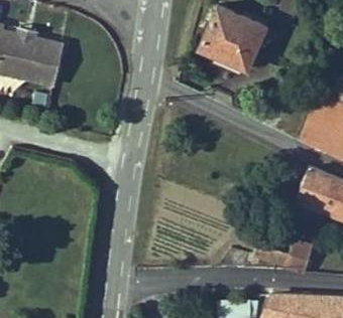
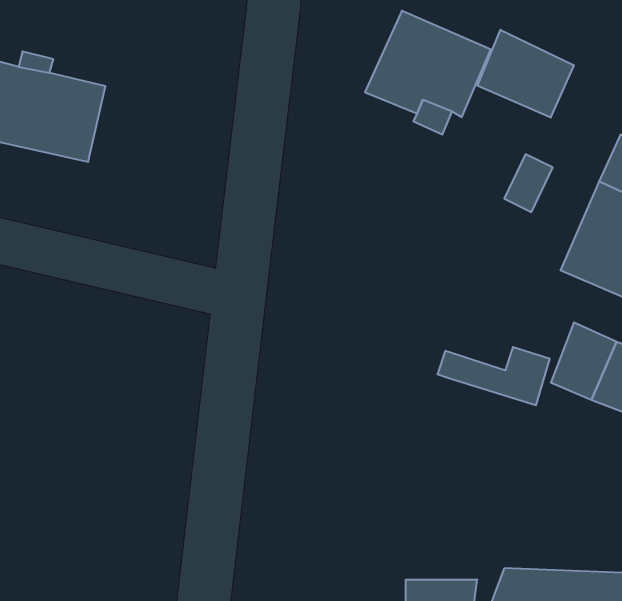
building: none -> [477,30,574,118]
building: [253,243,312,273] -> [437,347,550,405]

